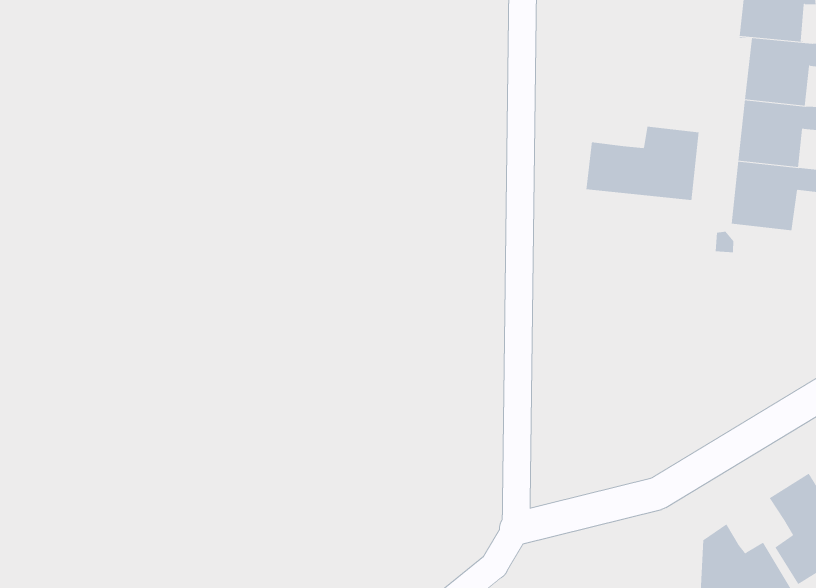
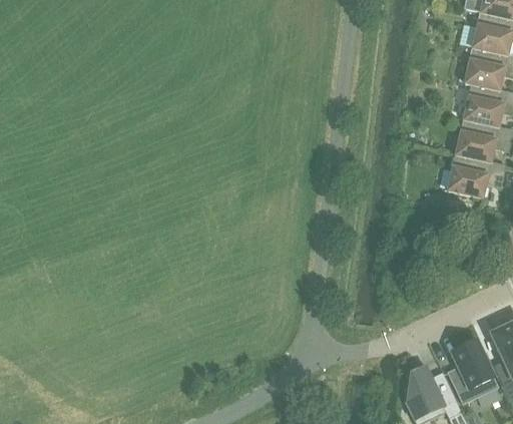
building: [586,126,699,201] -> none

